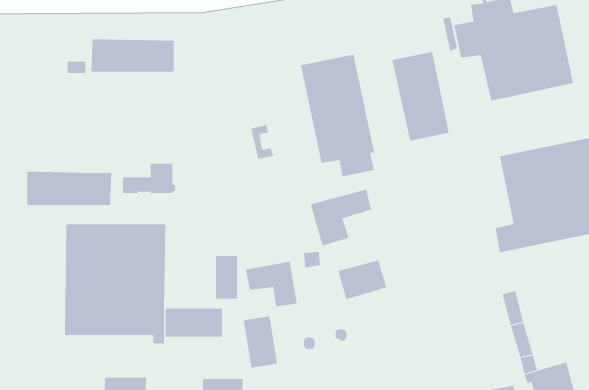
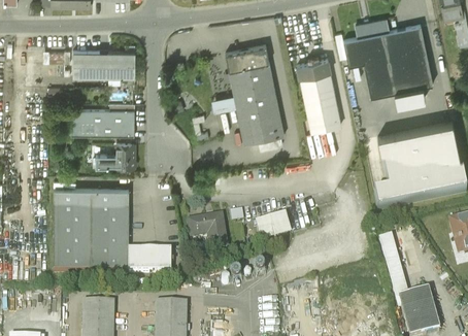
building: none -> [225,42,269,67]
building: [27,171,112,206] -> [71,106,135,132]
building: [310,189,372,247] -> none
building: [215,255,237,299] -> none
building: [243,316,278,369] -> none

